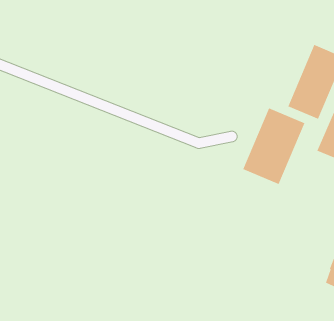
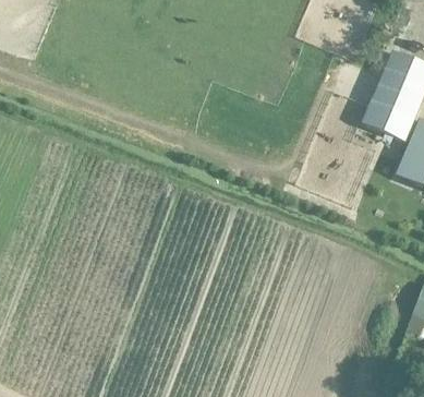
building: [243,107,305,185] -> none

